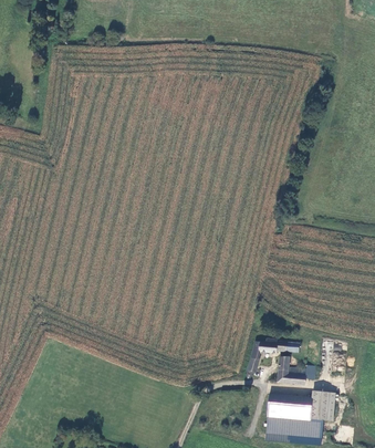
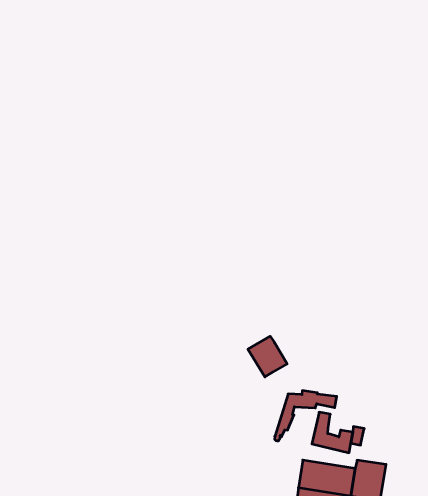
building: none -> [248,336,287,377]

